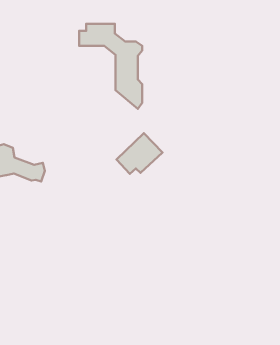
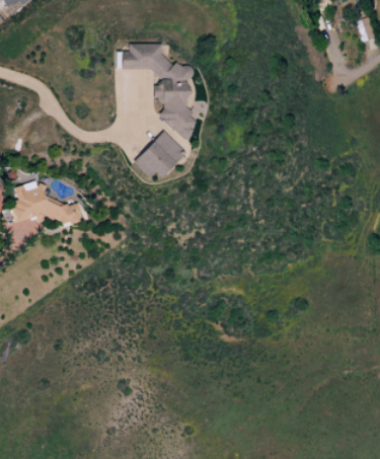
building: [116,133,163,174] -> [133,132,185,178]

